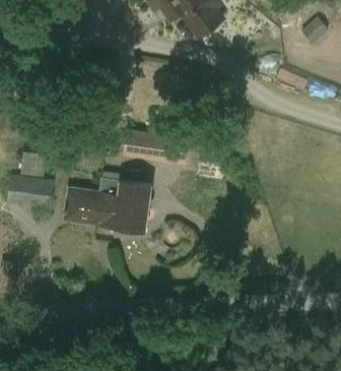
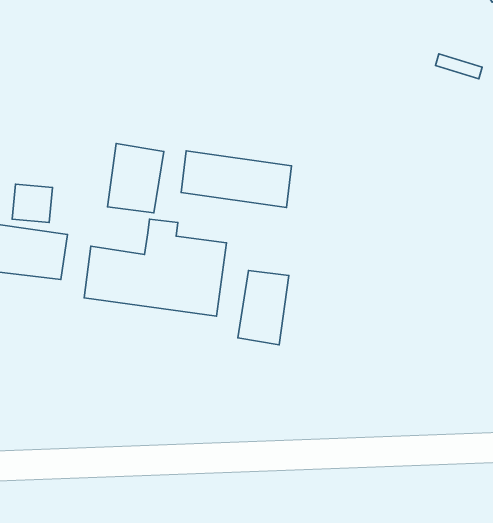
building: none -> [107,143,164,213]
building: none -> [238,270,289,345]

